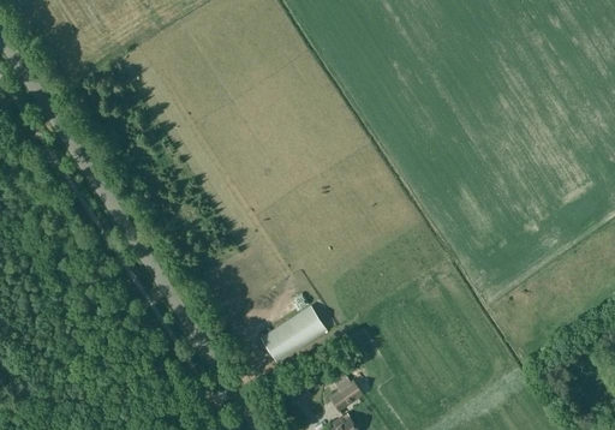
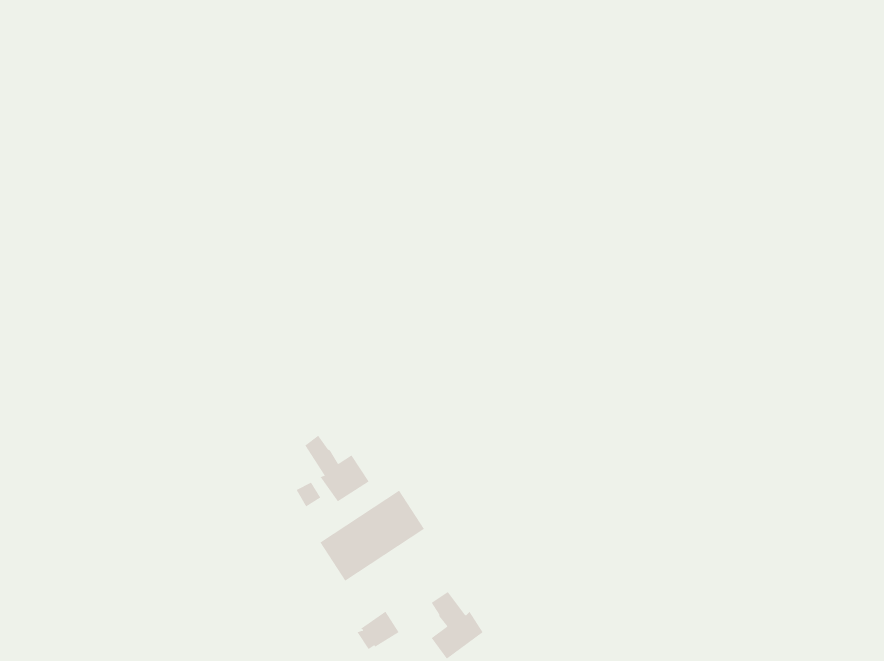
building: none -> [304,435,369,502]

